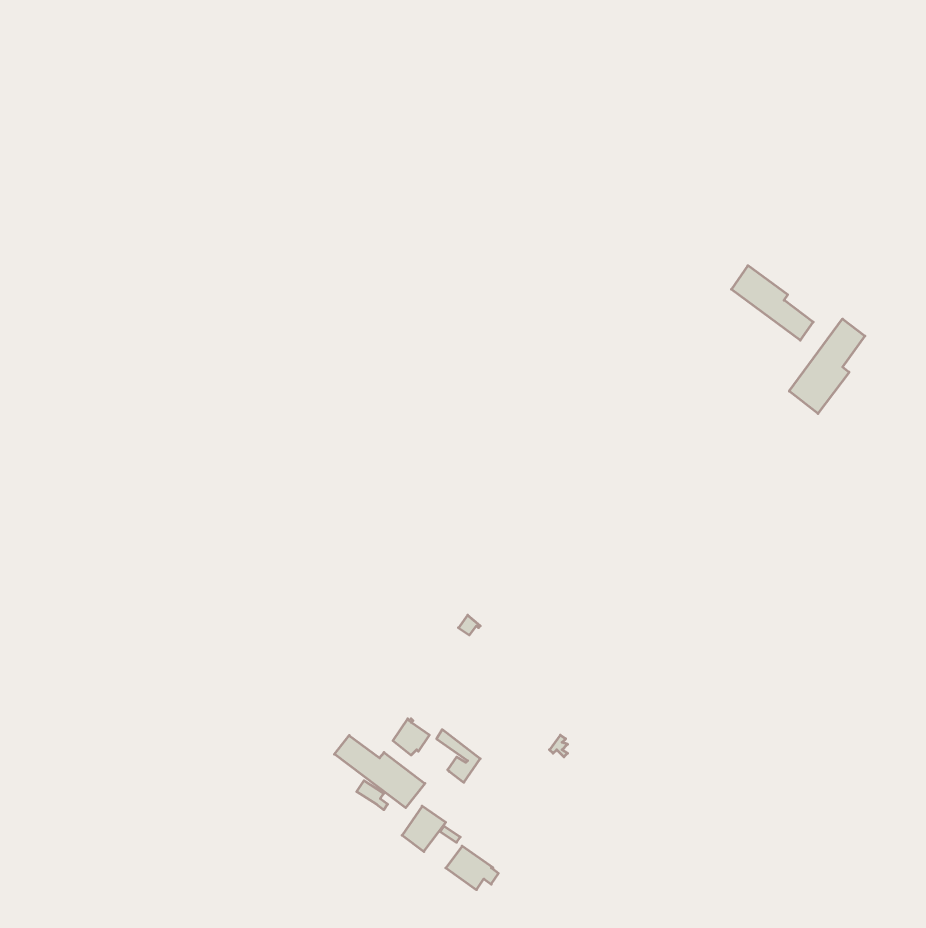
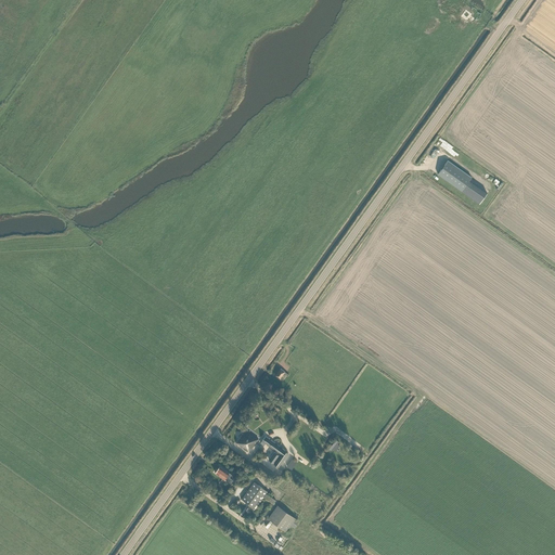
building: [789,319,865,414] -> none
building: [334,735,425,808] -> none

